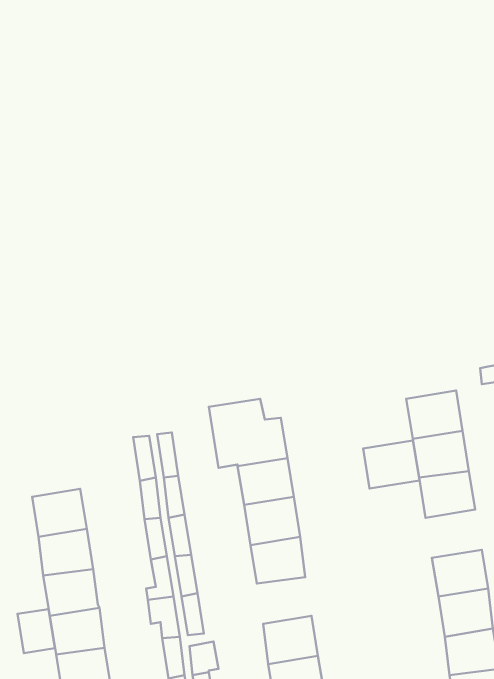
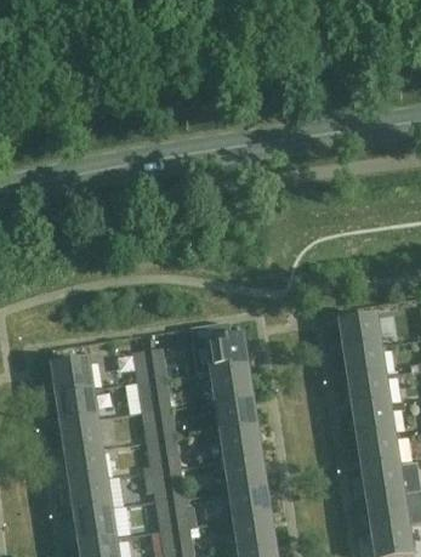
building: [363,440,419,489] -> [353,404,396,441]
building: none -> [51,358,92,394]
building: none -> [226,455,267,490]
building: [17,609,55,653] -> none

